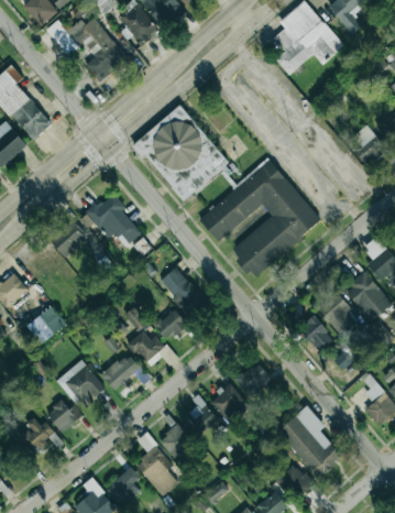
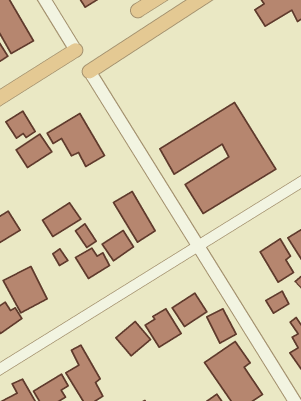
building: [134,105,230,201] -> none
building: none -> [6,111,35,138]
building: [300,315,333,351] -> [207,309,236,343]
building: [102,352,142,390] -> [42,203,81,236]
building: [160,423,194,457] -> none

